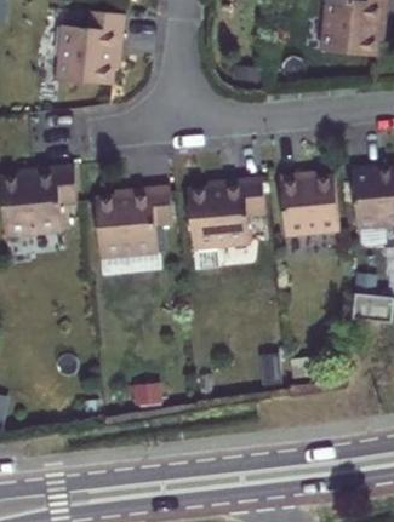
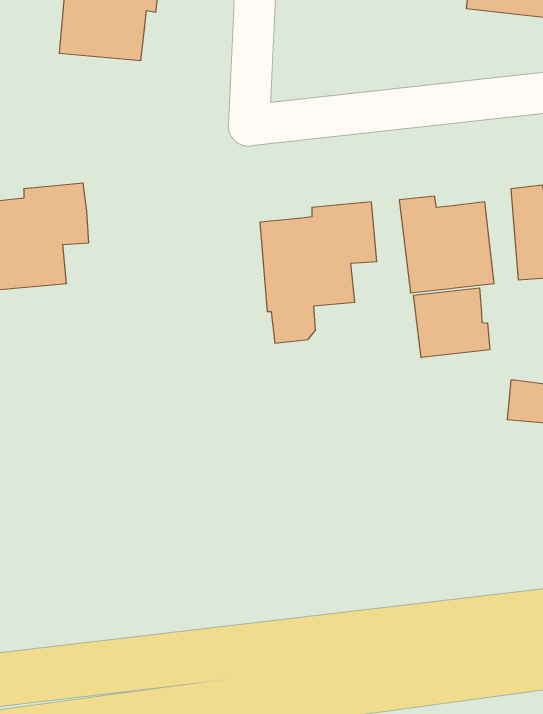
building: [93,184,171,256] -> none
building: none -> [414,288,490,358]

